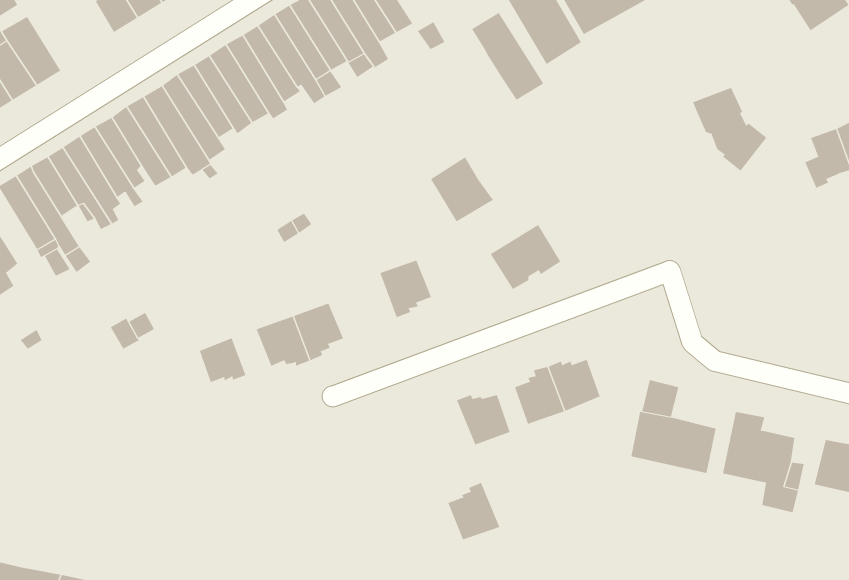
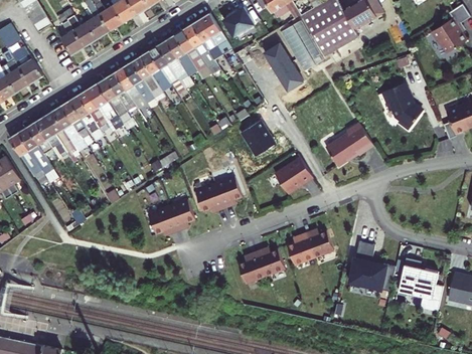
building: none -> [324,123,372,165]
building: none -> [194,183,222,211]
building: [199,338,246,383] -> none
building: [448,482,500,540] -> [237,251,265,283]

